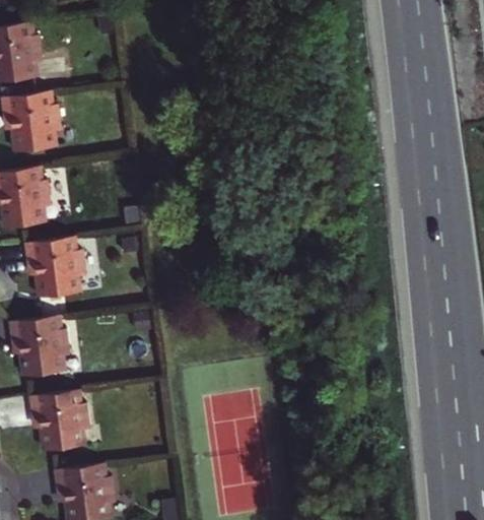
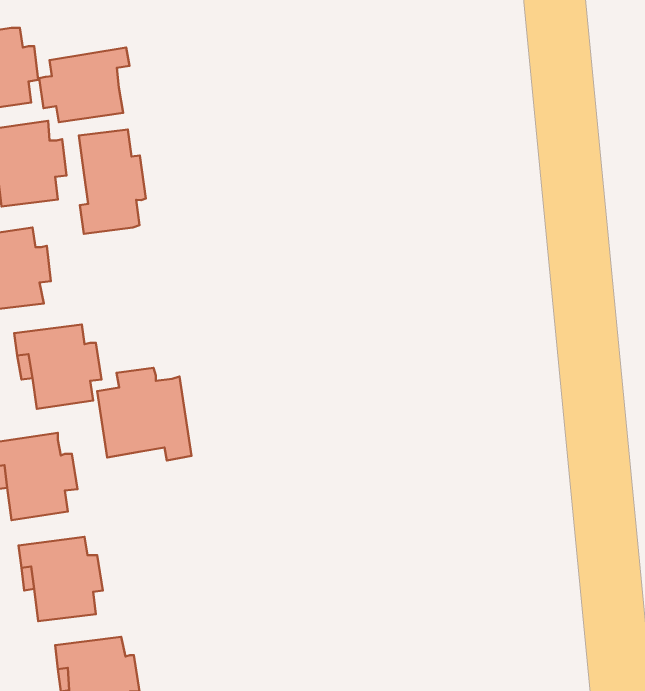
building: none -> [39,48,129,122]
building: none -> [79,129,146,234]
building: none -> [97,368,192,461]

